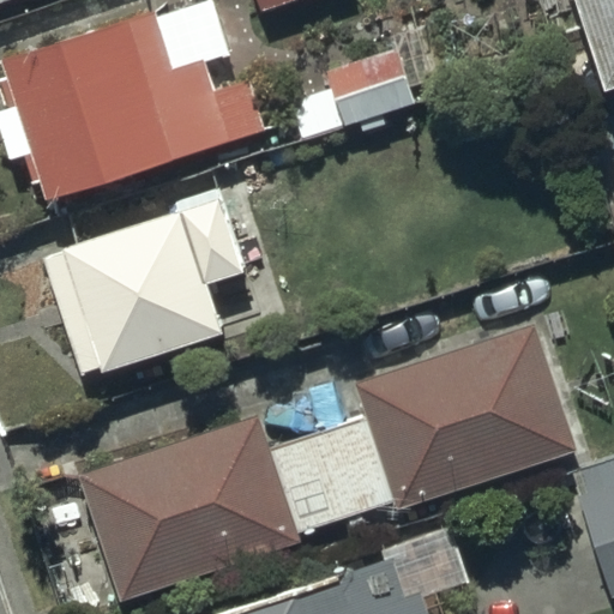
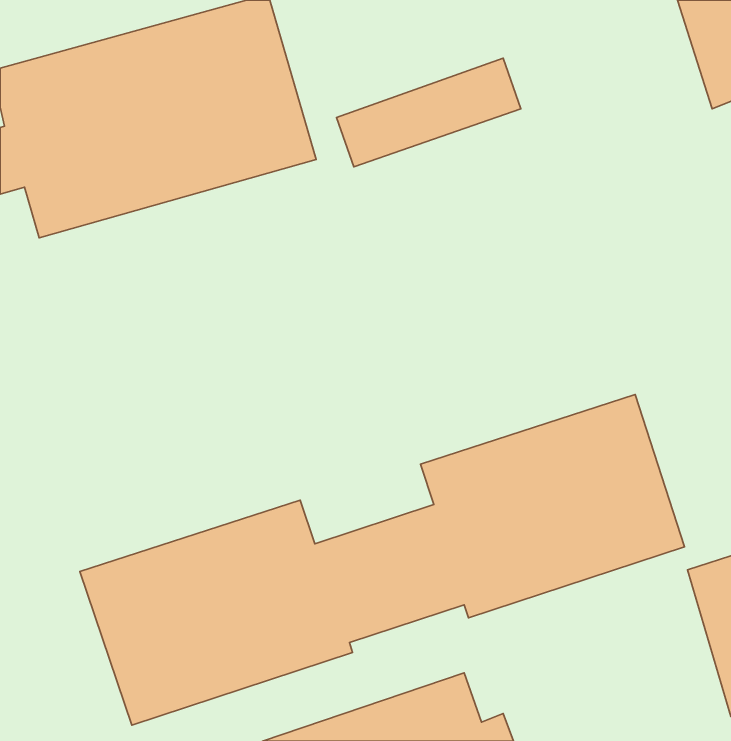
building: [43,169,257,375] -> none

